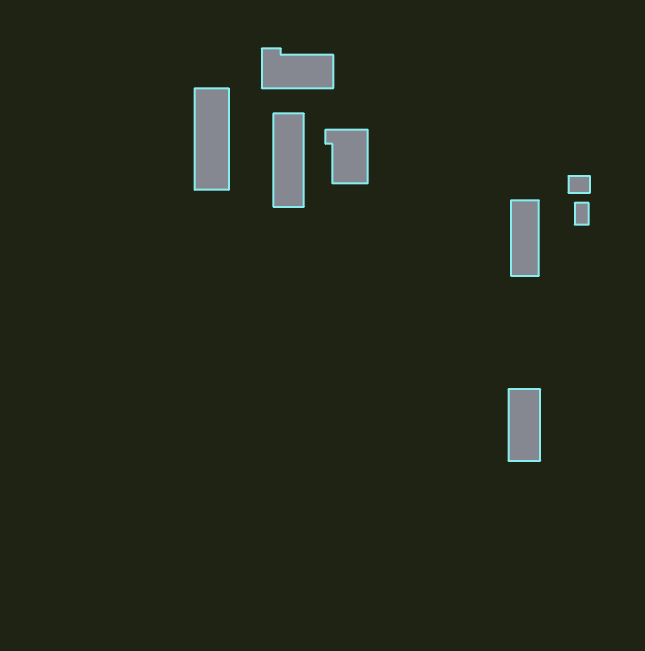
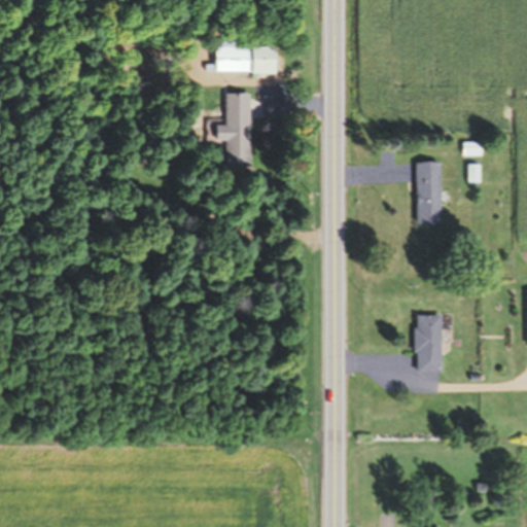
building: [195,88,229,190] -> none
building: [326,130,368,183] -> none

